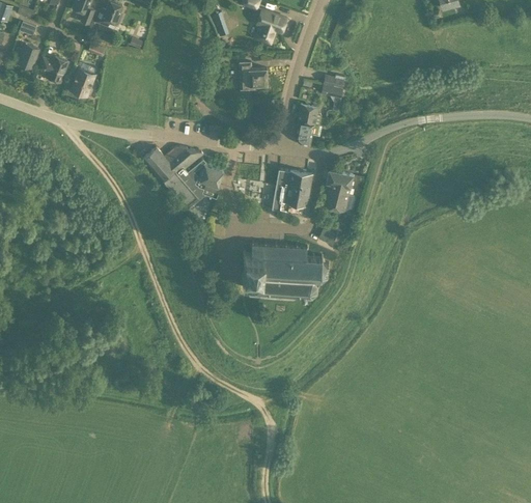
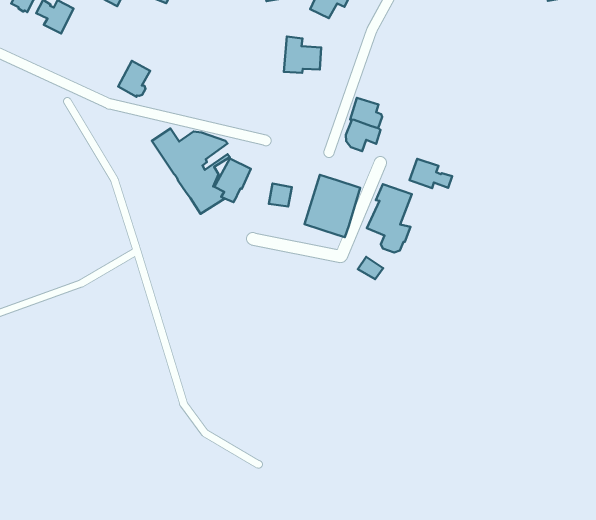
building: [71,67,94,95] -> [118,61,150,97]
building: [320,74,345,101] -> none
building: none -> [409,159,452,188]
building: [241,240,329,299] -> none

